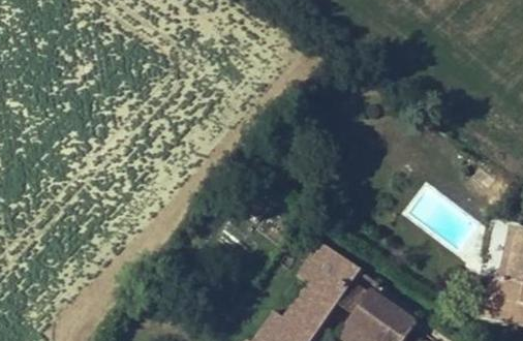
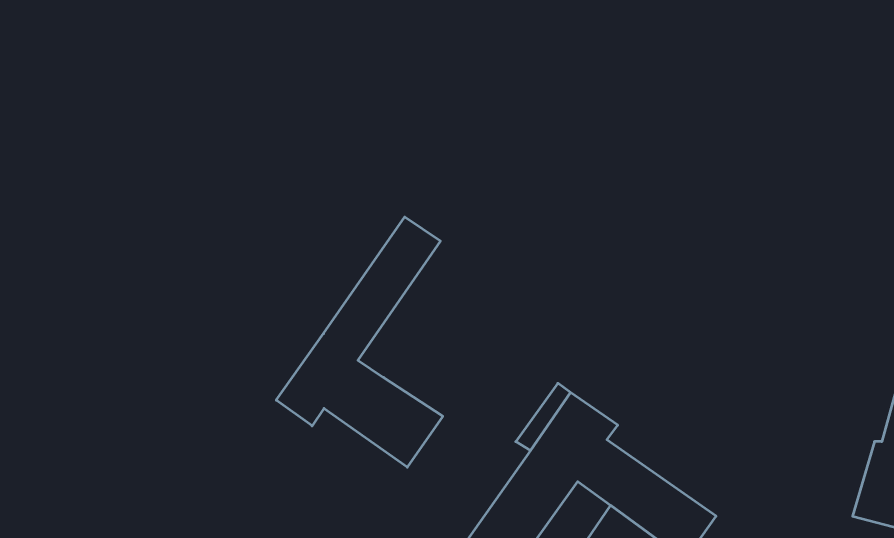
building: none -> [276,217,443,467]

